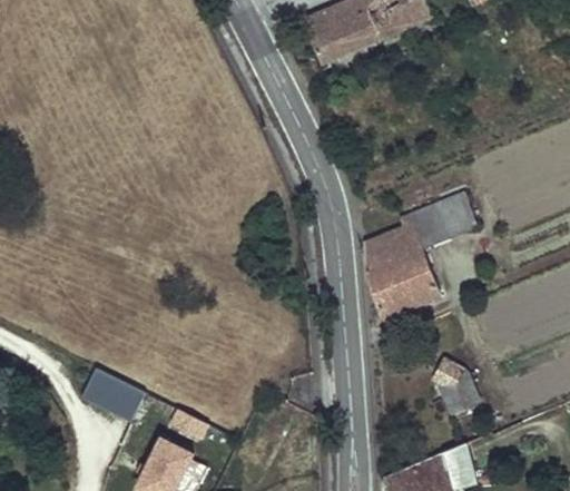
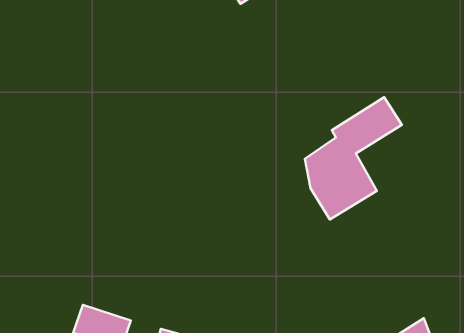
building: [433,357,482,415] -> none

